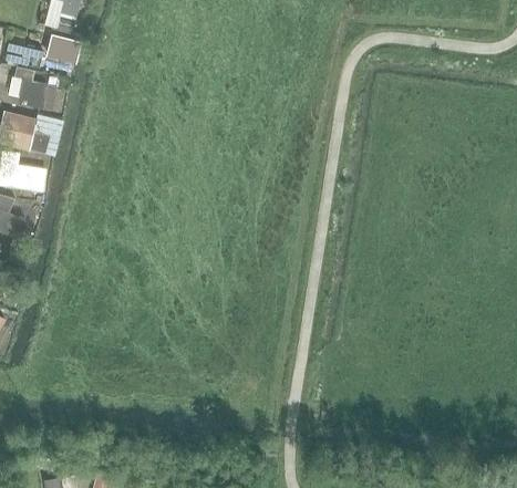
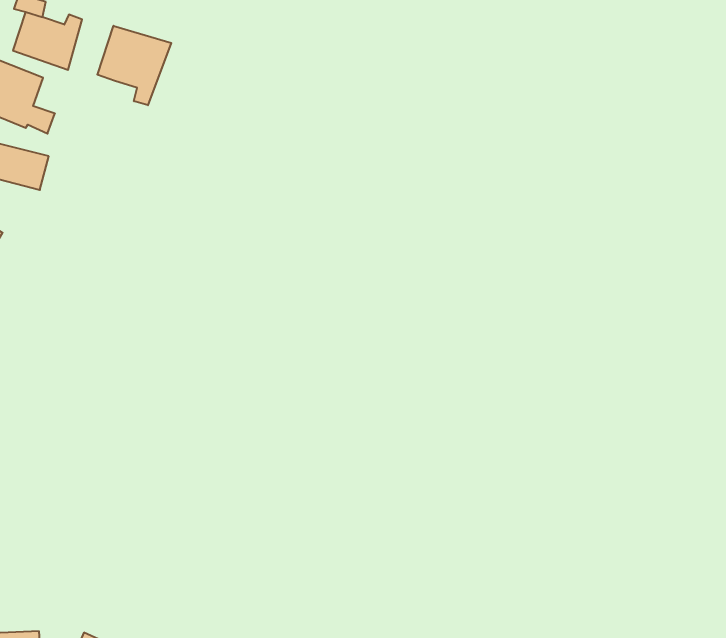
building: none -> [97,26,171,105]

